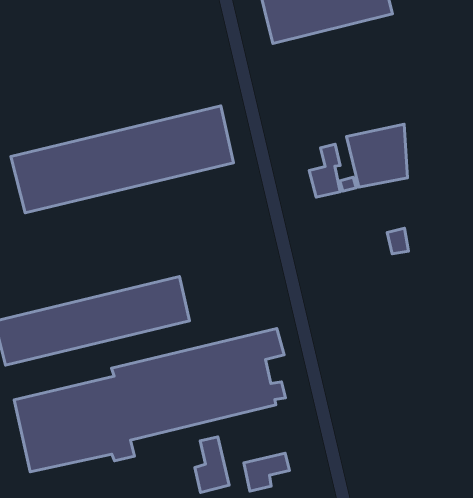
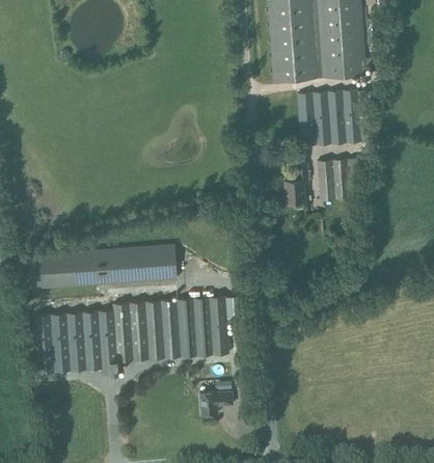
building: none -> [297,88,371,146]
building: [11,106,233,213] -> none
building: [195,437,229,492] -> none

